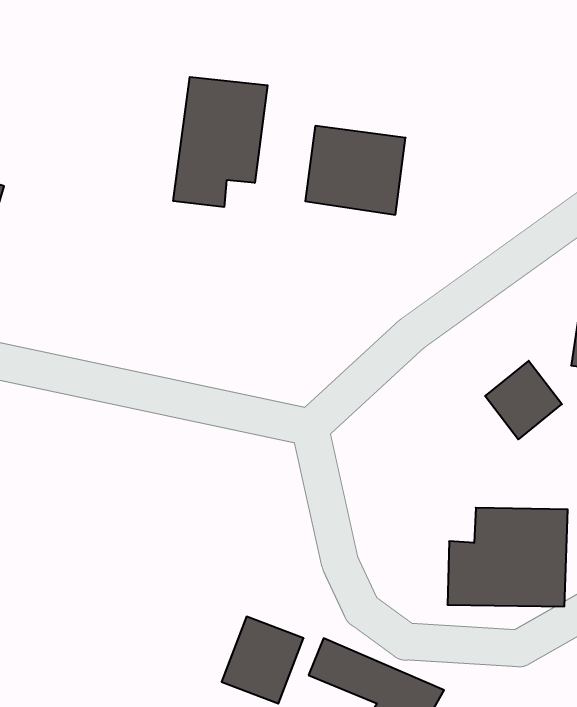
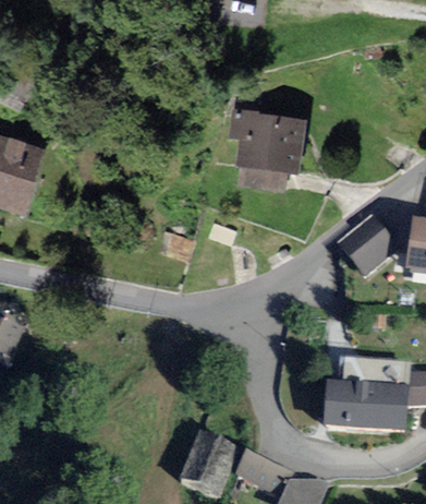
building: [173,77,268,207] -> none
building: [485,361,562,439] -> [345,221,395,273]

